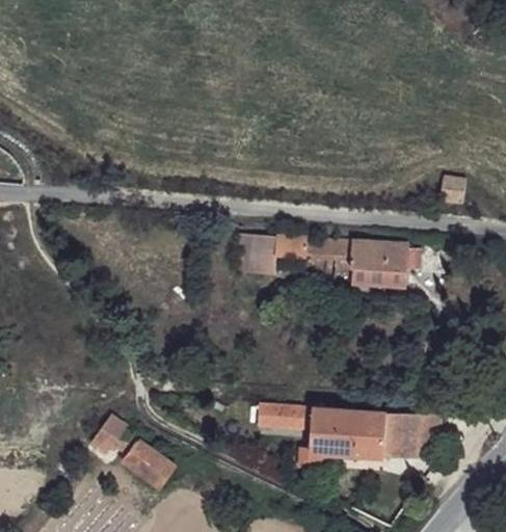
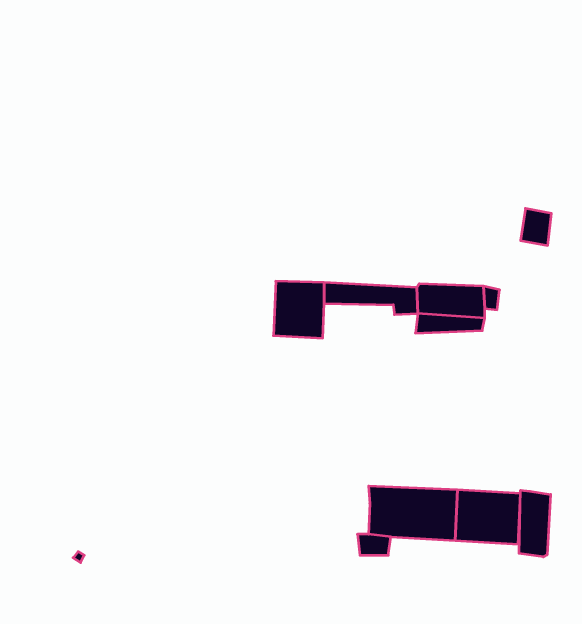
building: [258,403,312,424] -> none
building: none -> [519,490,551,557]
building: [91,420,174,485] -> none

